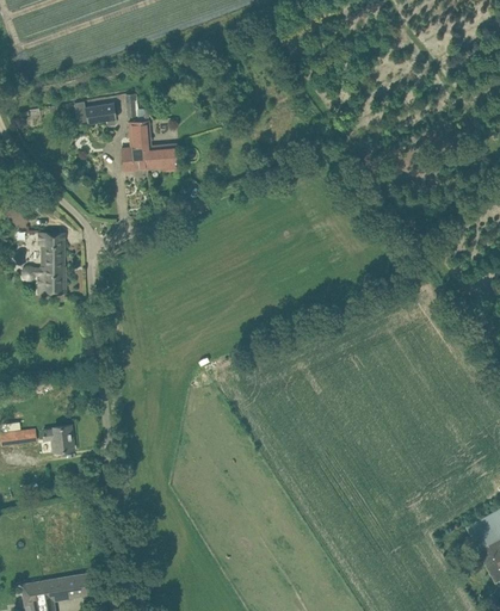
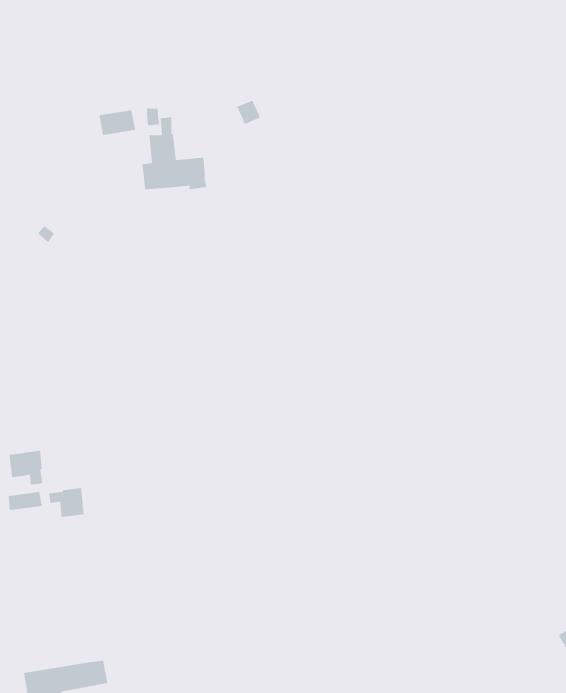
building: [20,232,66,294] -> none
building: none -> [8,450,43,486]

